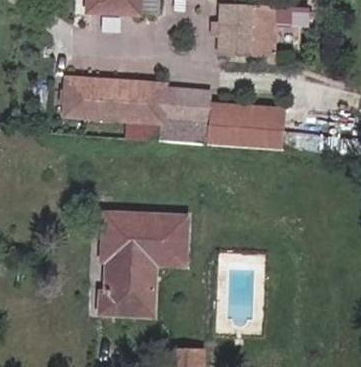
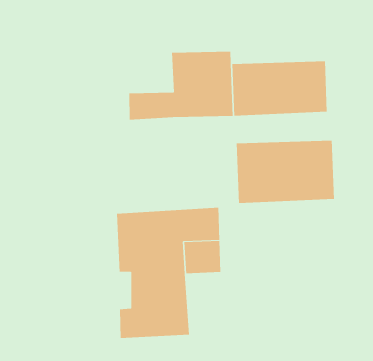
building: [64,77,163,119] -> none
building: none -> [236,140,335,204]

